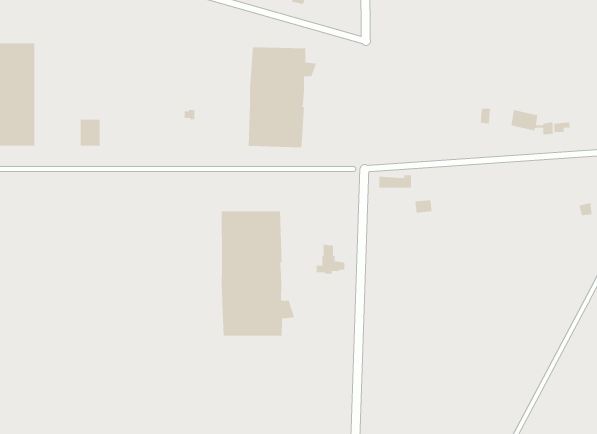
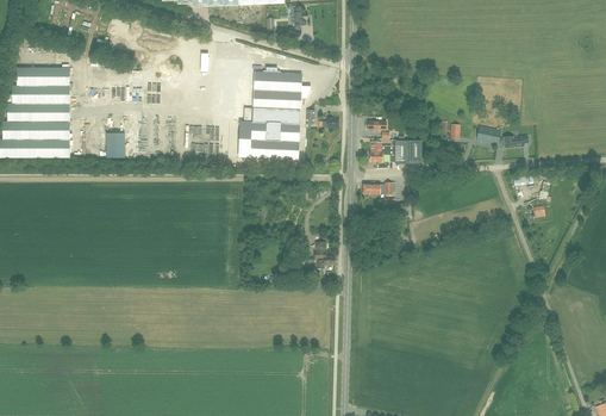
building: none -> [370,138,421,161]
building: [221,211,295,337] -> none

